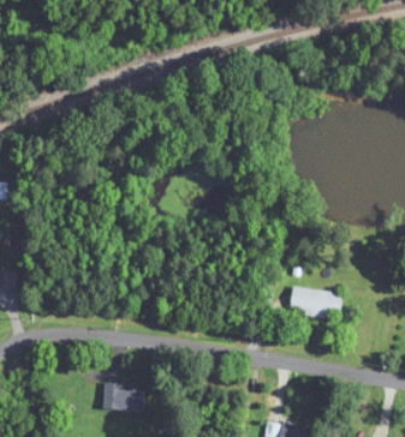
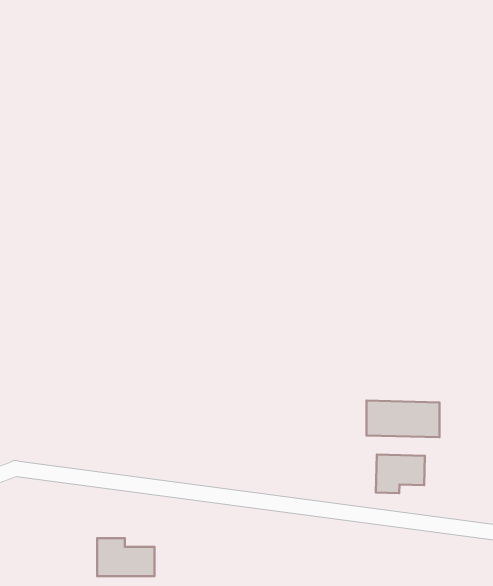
building: none -> [376,455,425,493]

